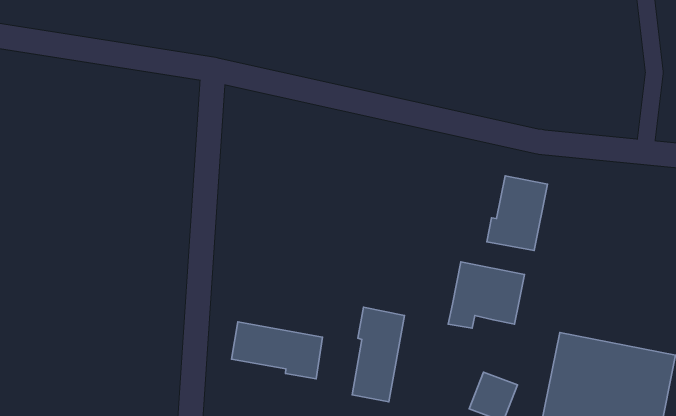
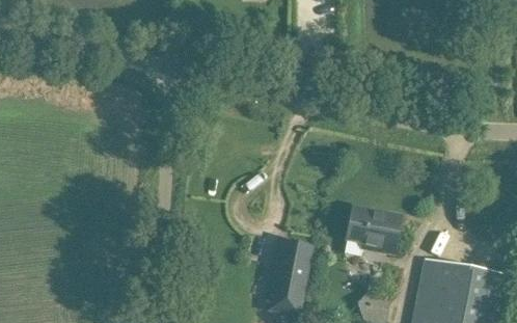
building: [487,176,547,251] -> none
building: [232,322,323,379] -> none

